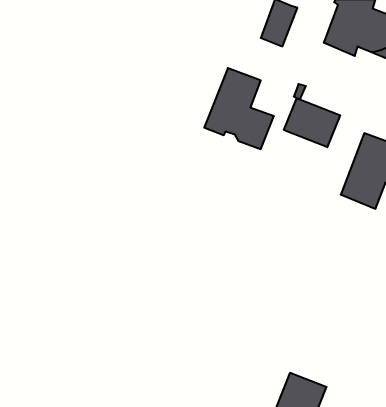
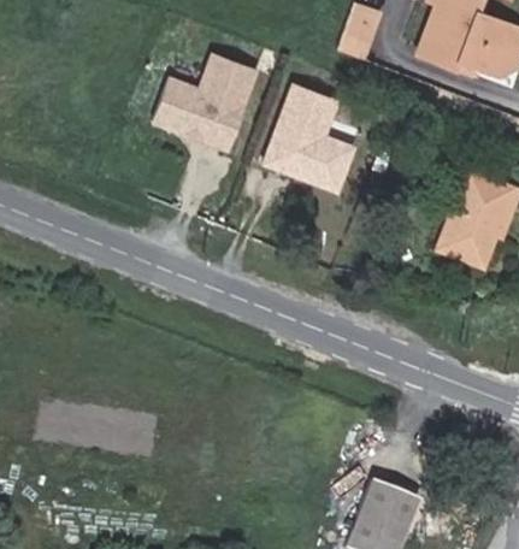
building: none -> [155,57,256,150]
building: [284,98,340,147] -> none

